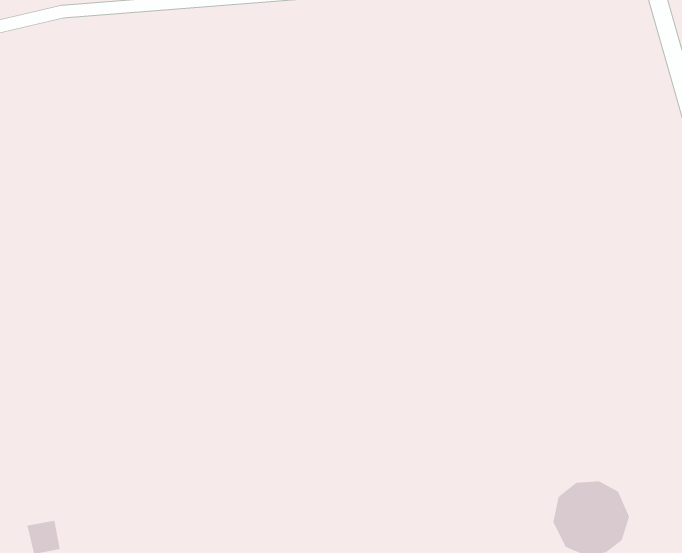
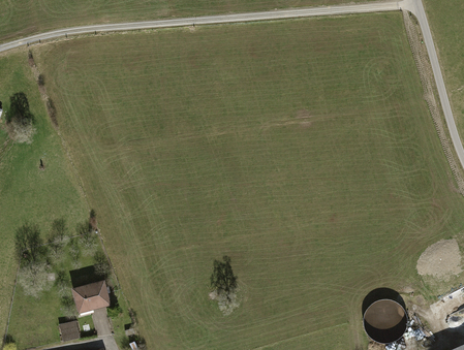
building: none -> [71,280,110,313]

